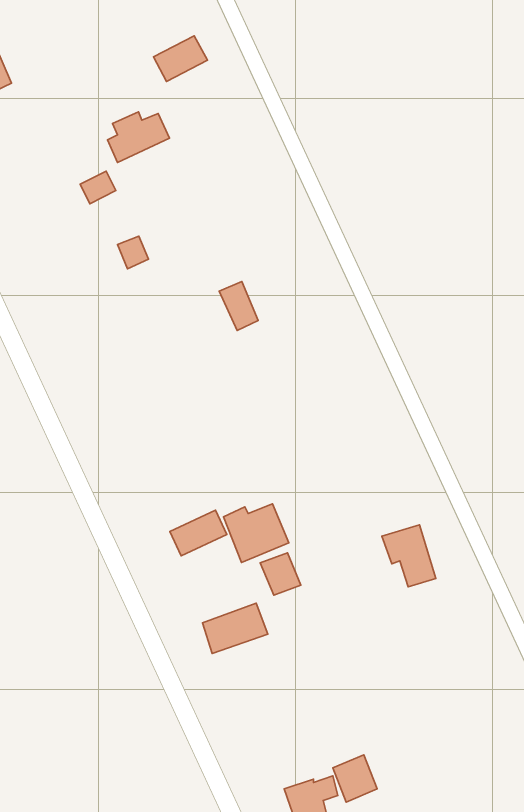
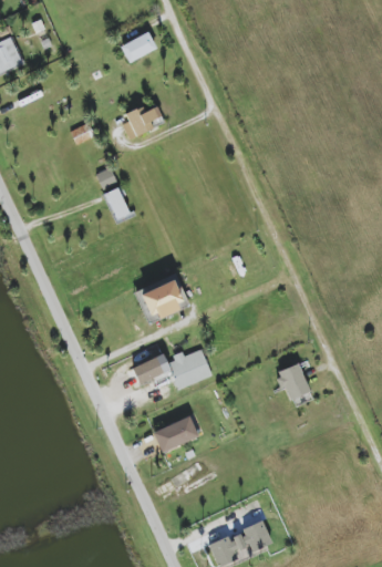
building: [108,112,170,163] -> [122,105,164,140]
building: [219,281,258,330] -> [103,187,130,220]
building: none -> [140,278,188,317]
building: [260,553,301,595] -> none

